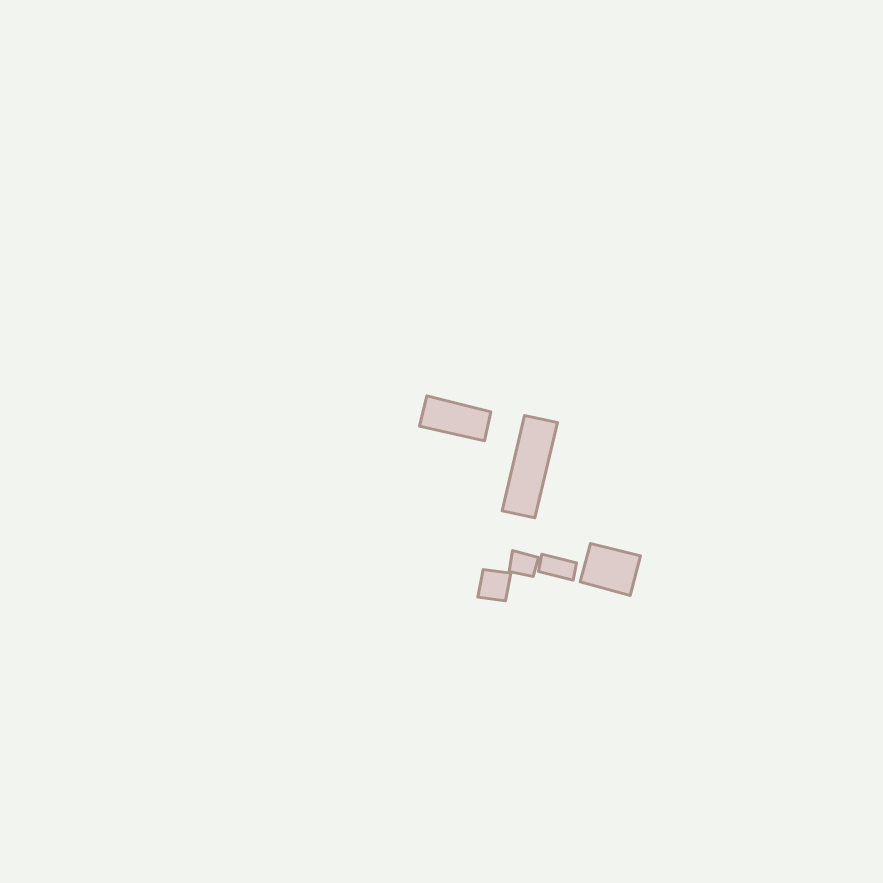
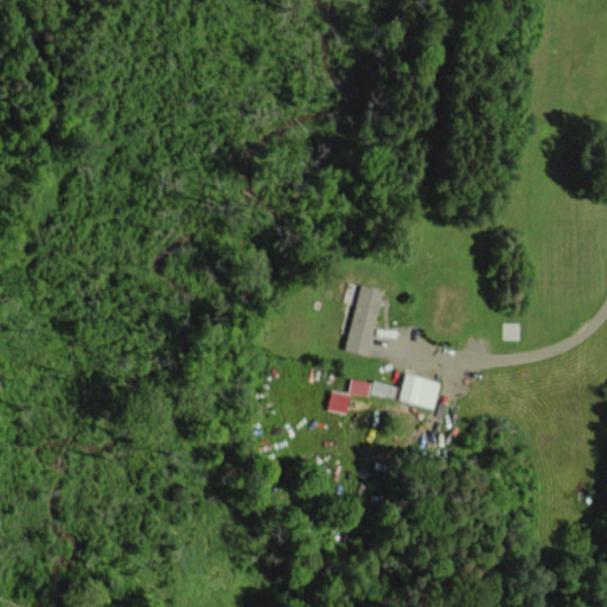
building: [420,396,491,441] -> none

